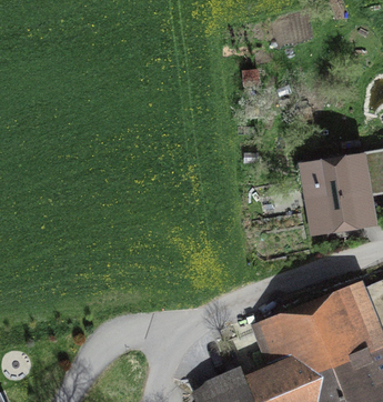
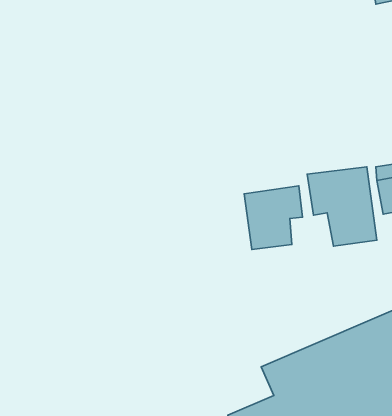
building: none -> [244,186,302,250]

